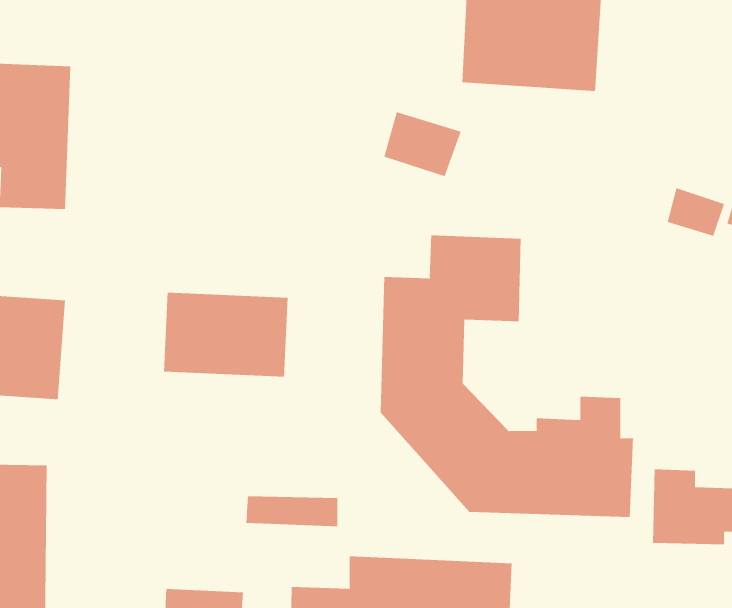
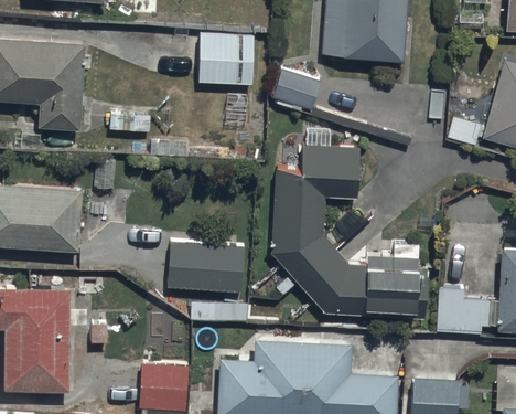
building: none -> [198,33,254,86]
building: [163,292,288,377] -> [168,242,244,294]

